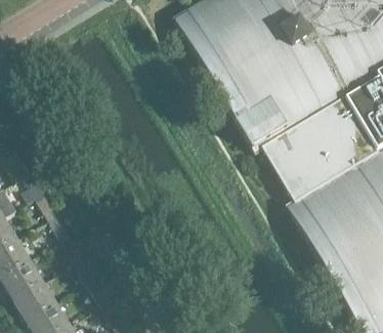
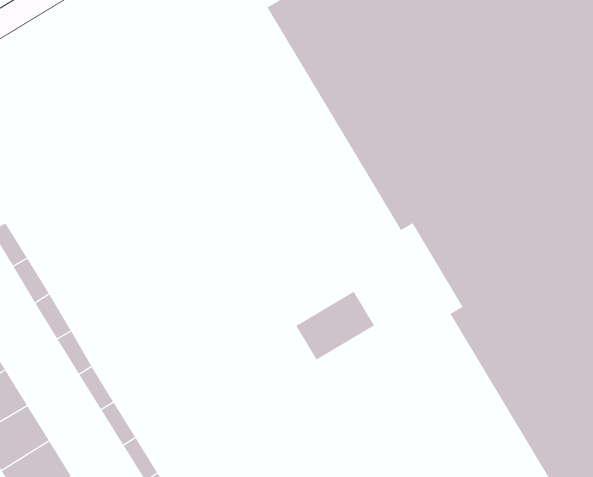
building: none -> [295,291,375,361]

